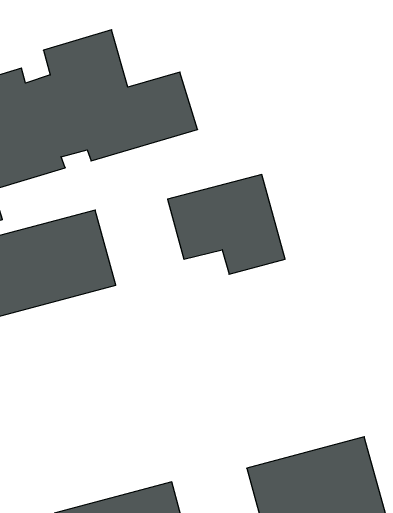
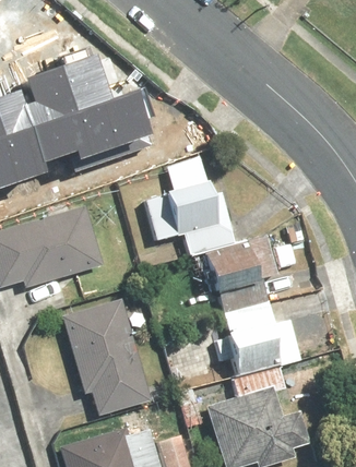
building: none -> [204,240,283,310]
building: none -> [61,297,151,418]
building: none -> [218,315,304,380]

